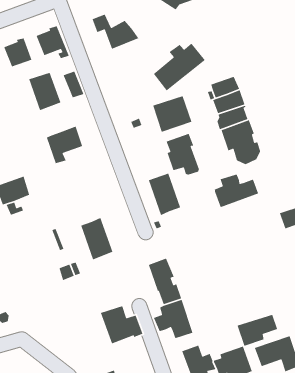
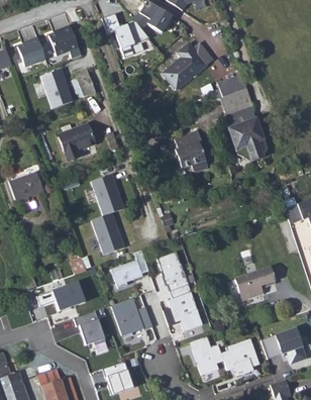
building: none -> [133,7,173,32]
building: [152,95,193,133] -> none
building: [148,173,181,216] -> [91,174,123,216]
building: [214,174,259,208] -> none
building: none -> [111,260,143,288]
building: none -> [37,282,85,311]
building: [237,314,278,347] -> [235,268,276,300]
building: none -> [74,311,106,345]

